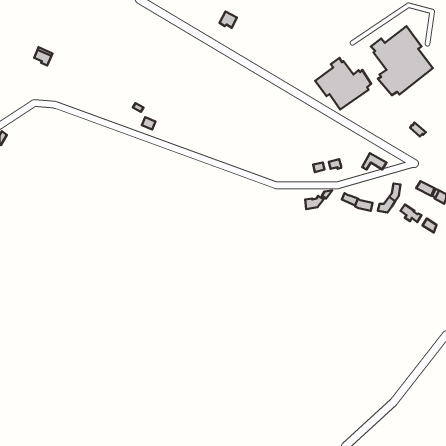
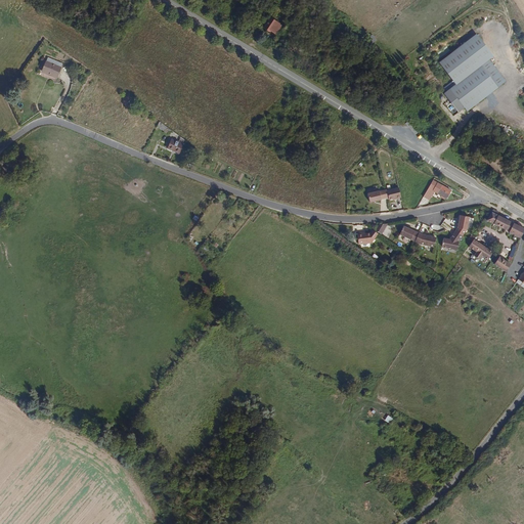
building: [315,58,371,109] -> none

